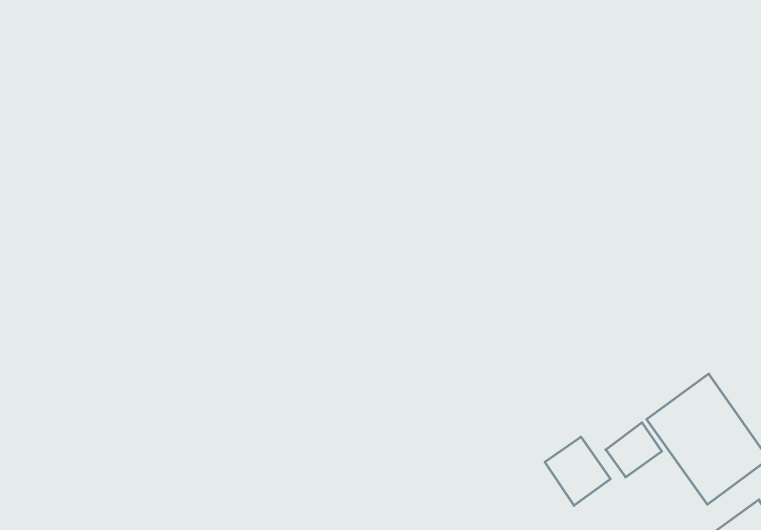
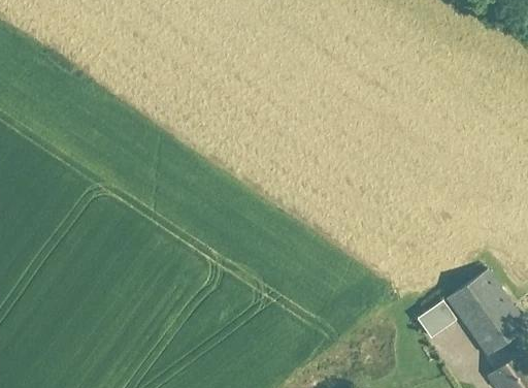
building: [545,437,610,506] -> none

